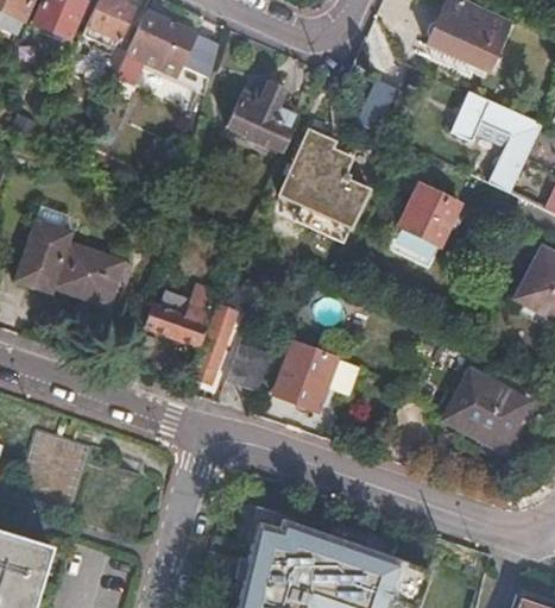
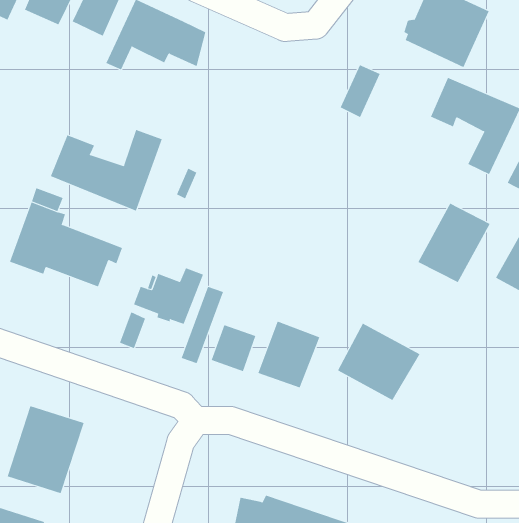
building: [226,81,301,151] -> none
building: [277,130,366,228] -> none
building: none -> [50,129,163,211]
building: [387,184,462,267] -> [417,203,490,283]
building: [443,370,529,450] -> [337,323,421,401]

